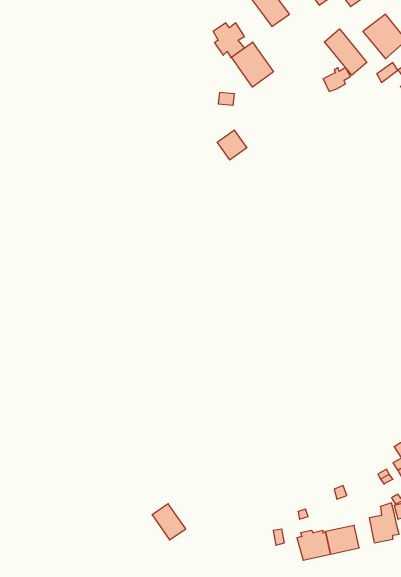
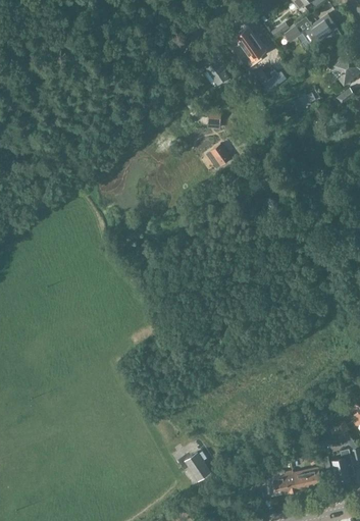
building: [324,29,367,75] -> none
building: [231,42,273,87] -> none
building: [152,504,186,540] -> [186,453,213,482]

